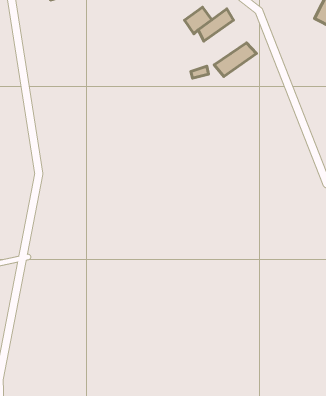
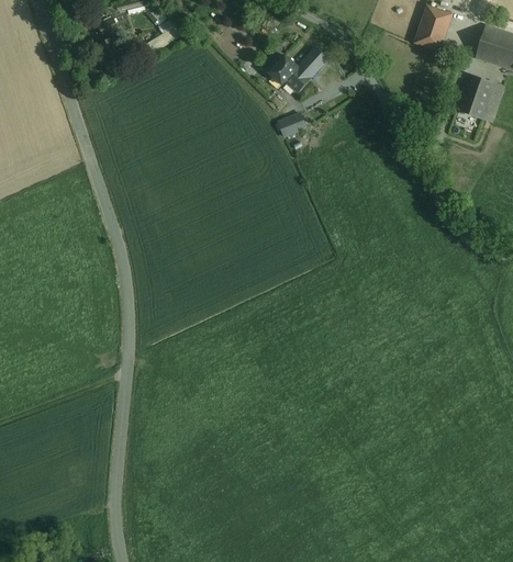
building: [214,43,256,77] -> none

